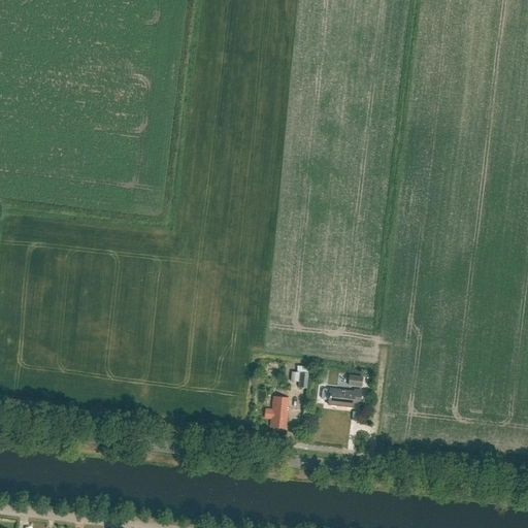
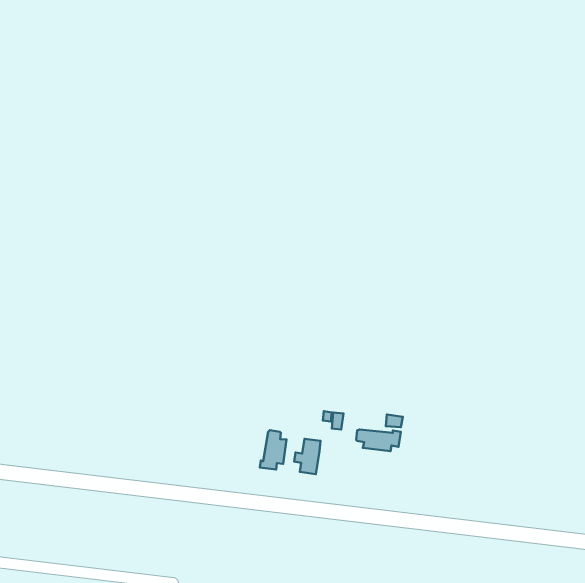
building: none -> [260,430,287,469]

